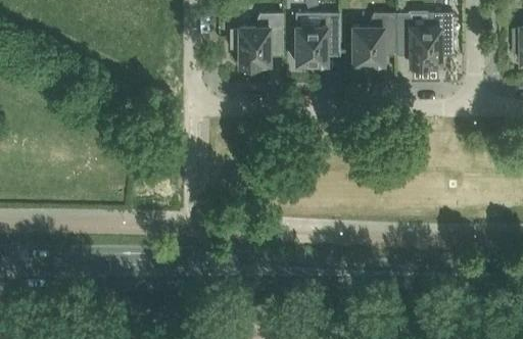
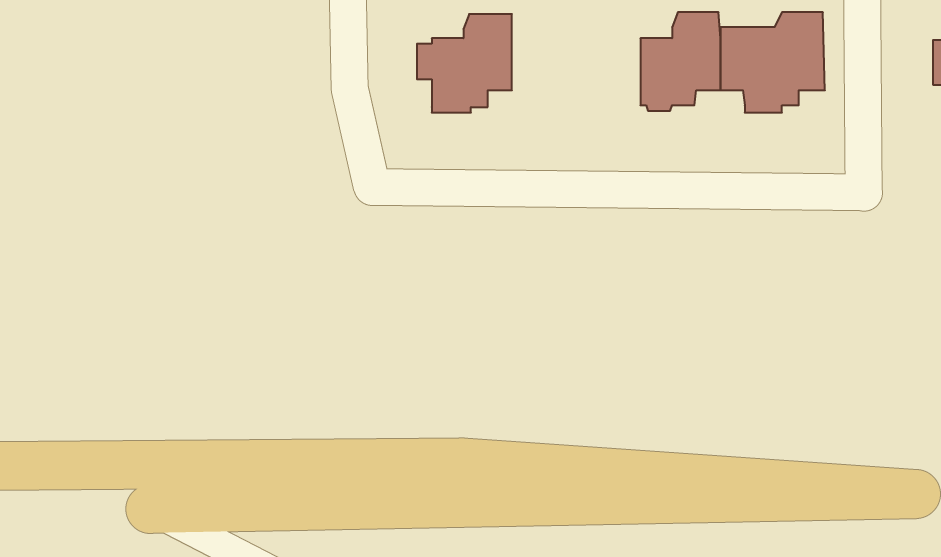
building: [296,13,340,66] -> none

